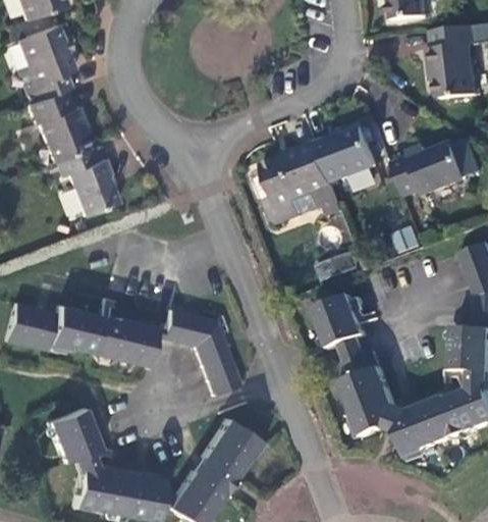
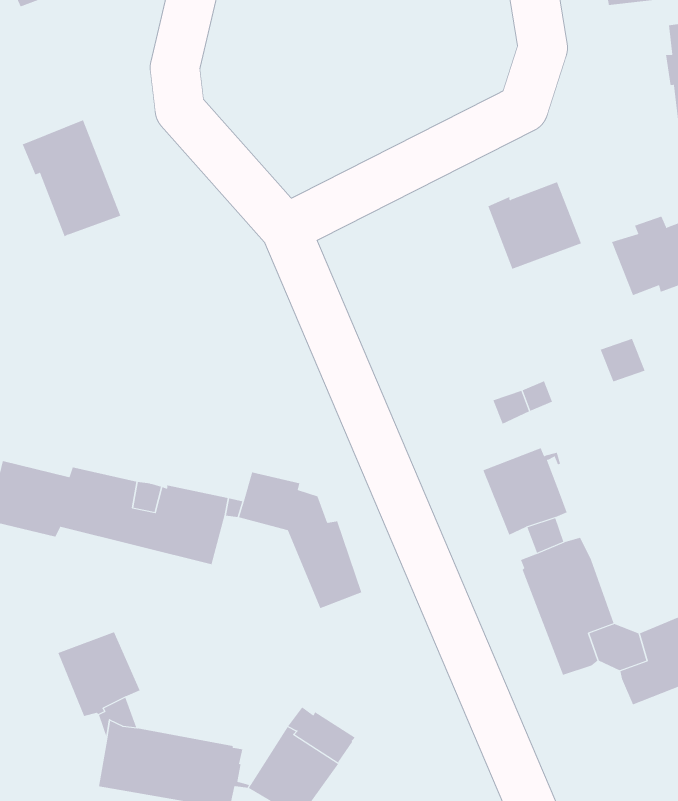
building: [17,22,73,102] -> none
building: [258,141,344,223] -> none
building: [55,146,117,214] -> none
building: [202,418,259,474] -> none

